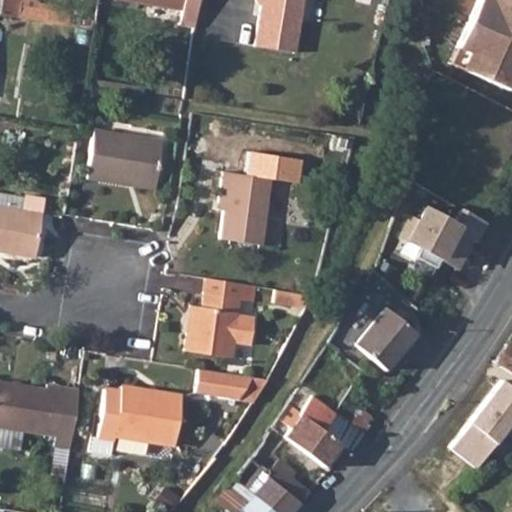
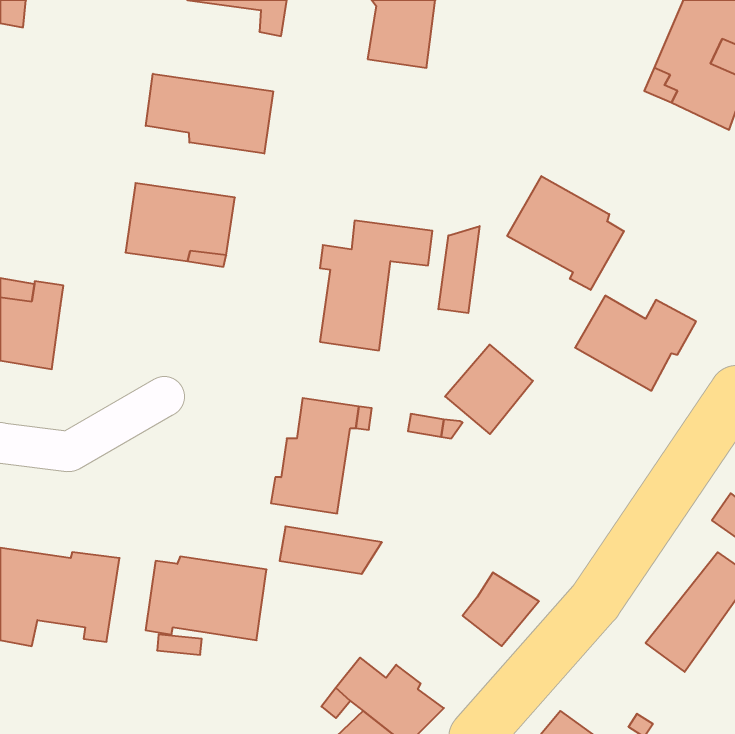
building: none -> [146,74,273,154]
building: none -> [507,176,624,290]
building: none -> [438,226,480,313]
building: [353,308,414,370] -> [445,345,533,434]
building: [284,399,341,468] -> none

